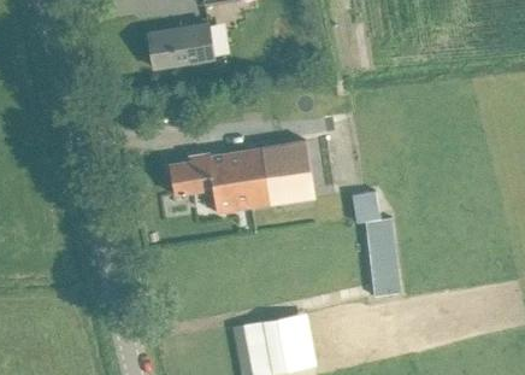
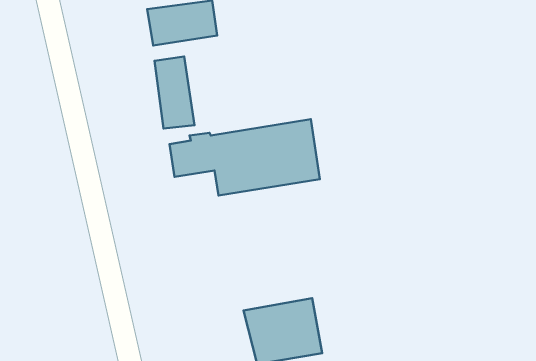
building: none -> [154,56,194,129]
building: [362,193,400,297] -> none

